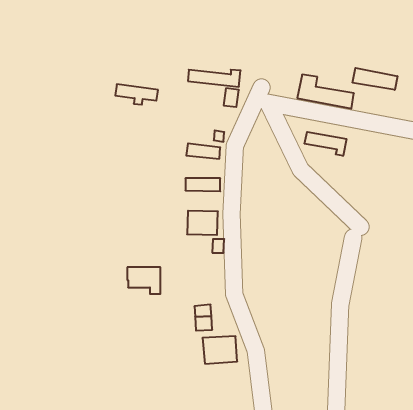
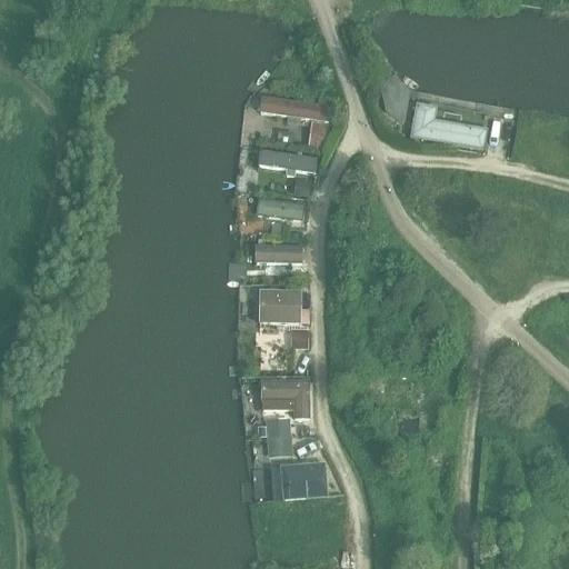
building: [353,68,397,90] -> none
building: [115,84,158,105] -> [258,149,317,177]
building: [305,132,346,156] -> none
building: [127,267,160,294] -> [260,380,306,417]

